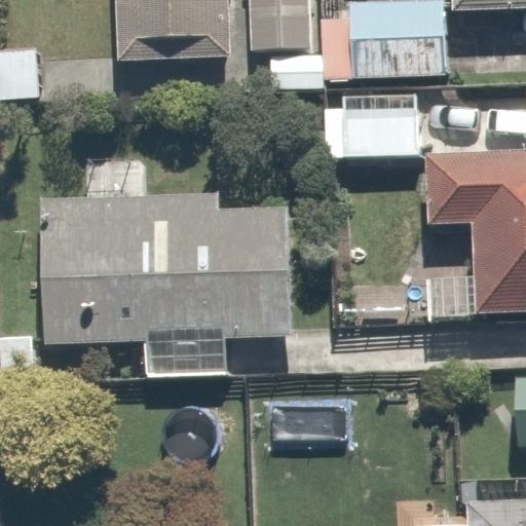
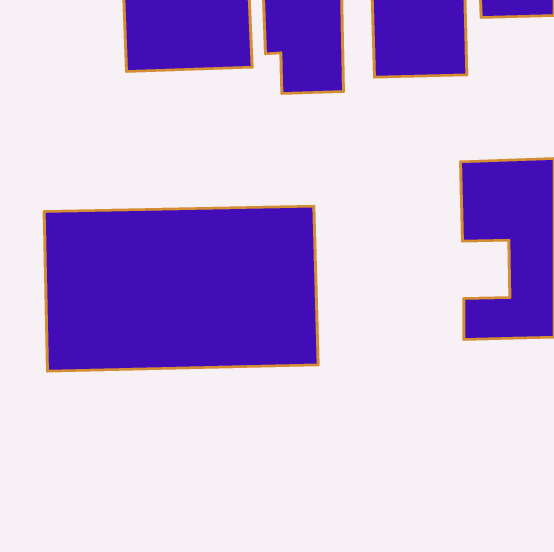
building: [313,93,421,152] -> none

